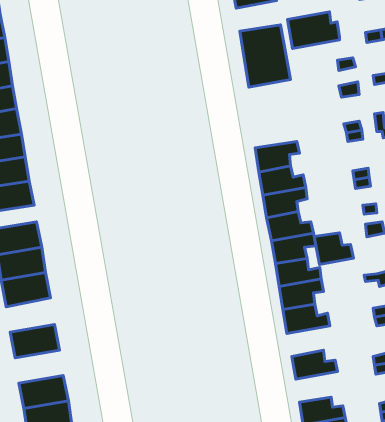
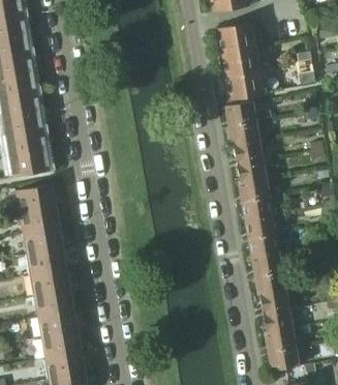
building: [288,12,340,49] -> [225,69,268,99]
building: none -> [227,101,265,125]
building: [314,233,354,264] -> none
building: none -> [28,247,67,275]
building: none -> [256,270,293,295]
building: none -> [35,290,74,317]
building: none -> [264,307,300,332]

